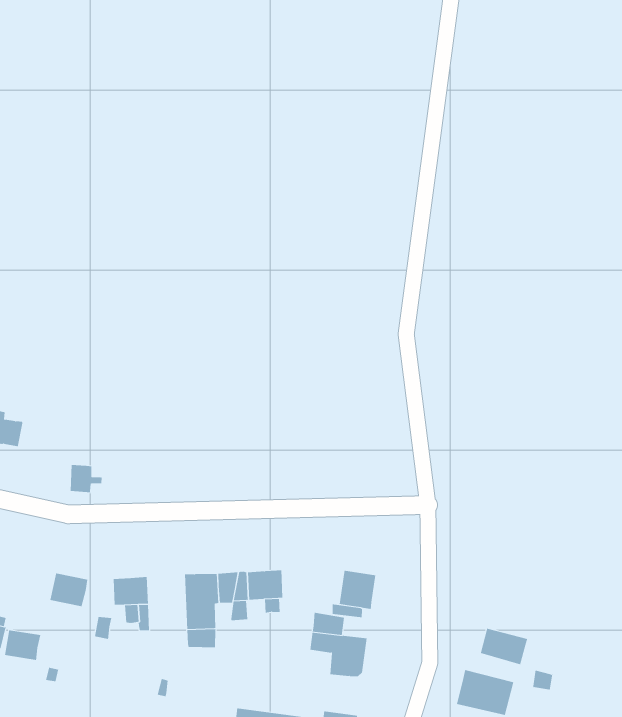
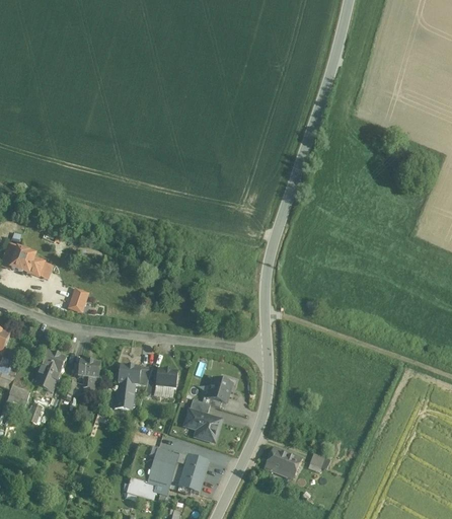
building: none -> [34,366,60,391]
building: [480,628,528,665] -> none

